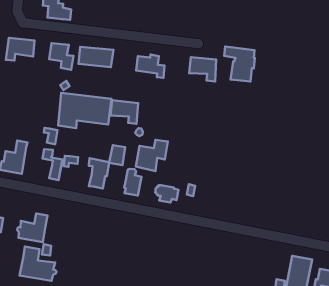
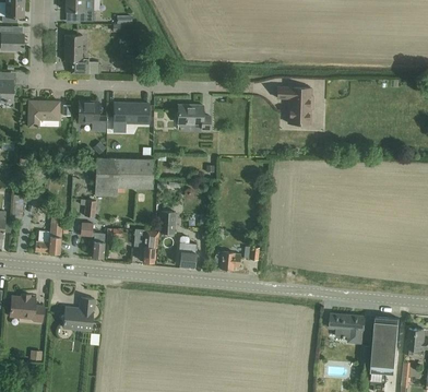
building: [189,57,216,81] -> none
building: [110,100,138,124] -> none
building: [136,140,168,171] -> none
building: [20,247,56,281] -> none
building: none -> [329,313,364,343]

